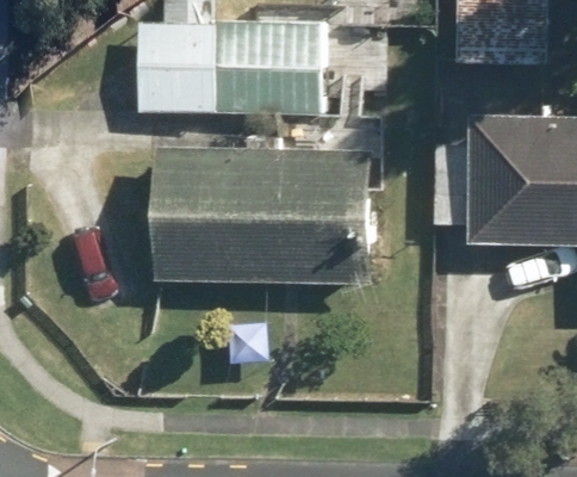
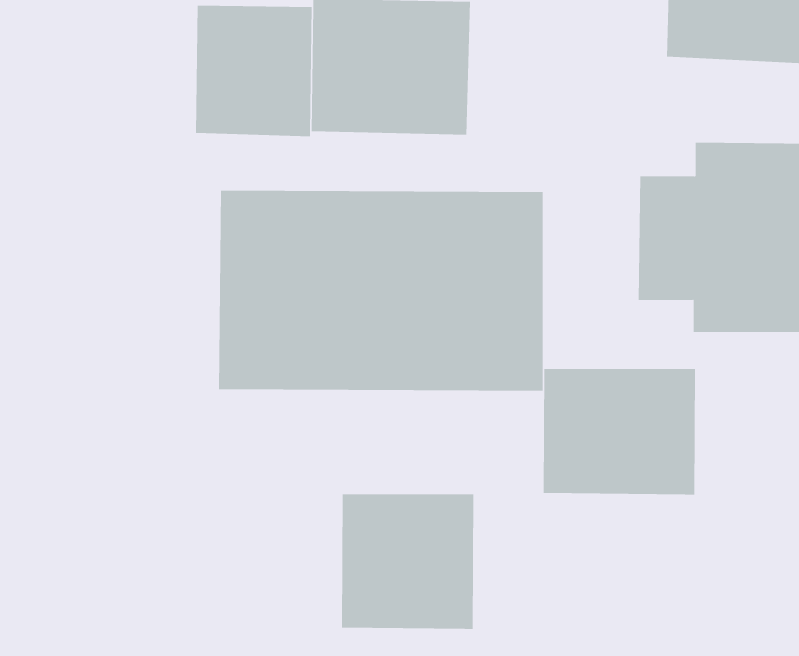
building: none -> [543,368,696,495]
building: none -> [341,494,474,630]

